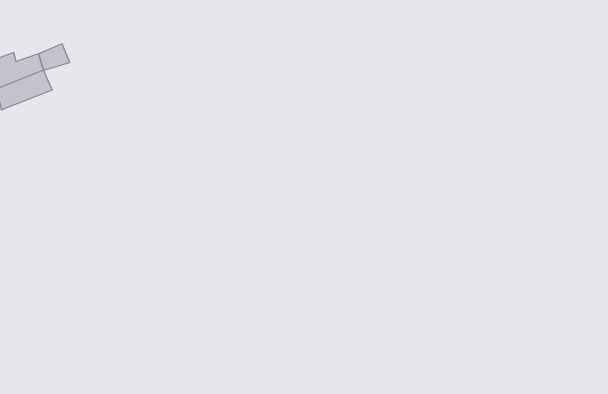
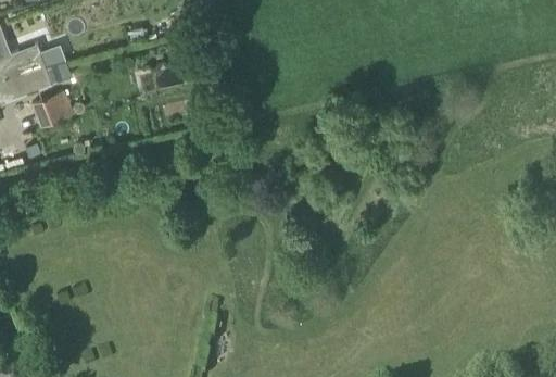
building: none -> [31,90,73,126]

